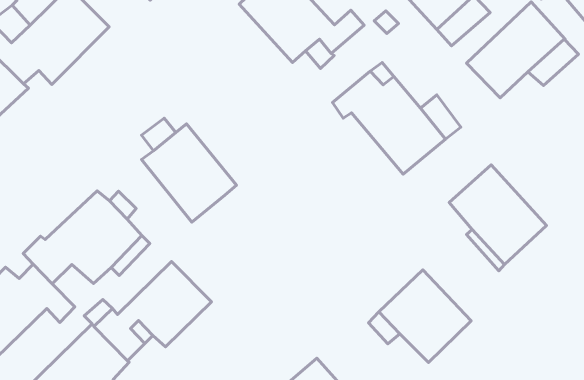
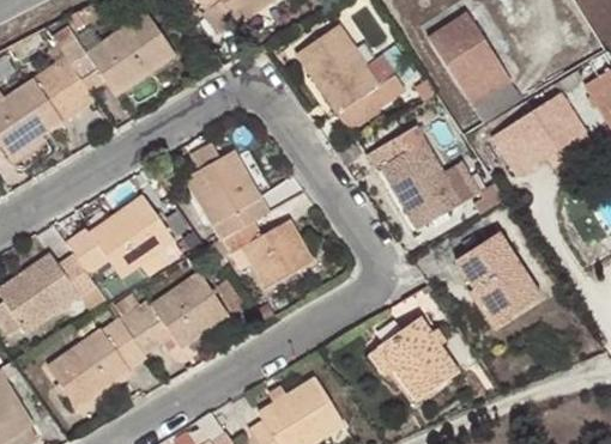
building: none -> [210,220,310,285]

